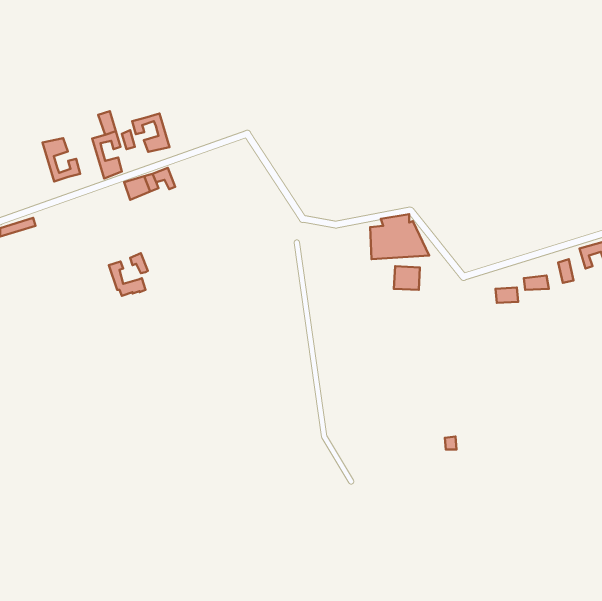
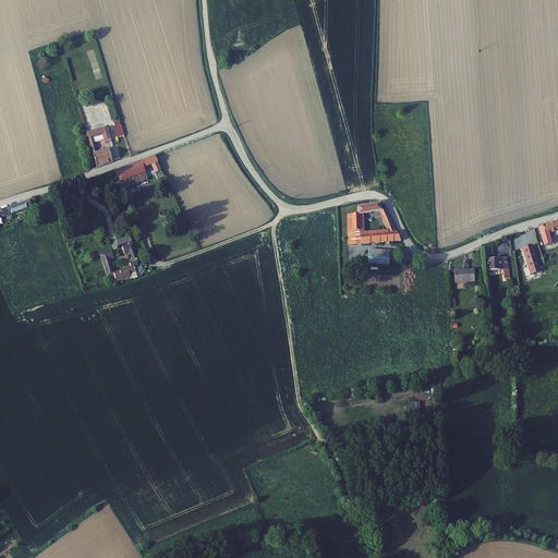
building: [132,113,169,152] -> none
building: [43,138,80,181] -> none

